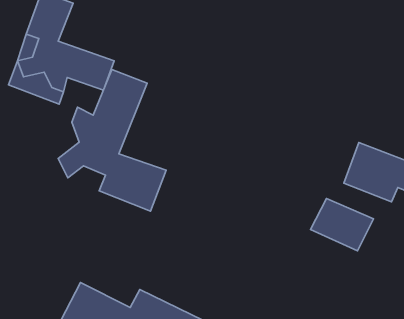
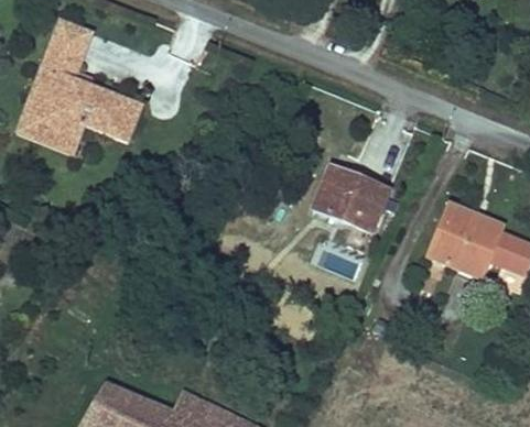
building: [58,69,166,211] -> none
building: [310,198,373,251] -> [316,169,394,234]

